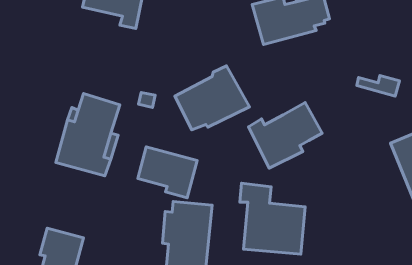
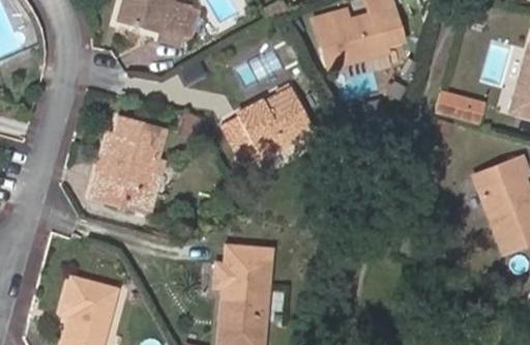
building: [248,103,322,168] -> none
building: [138,147,197,198] -> none
building: [240,183,305,254] -> none

